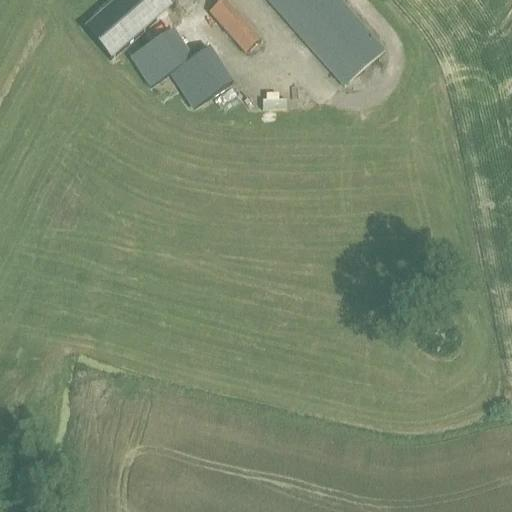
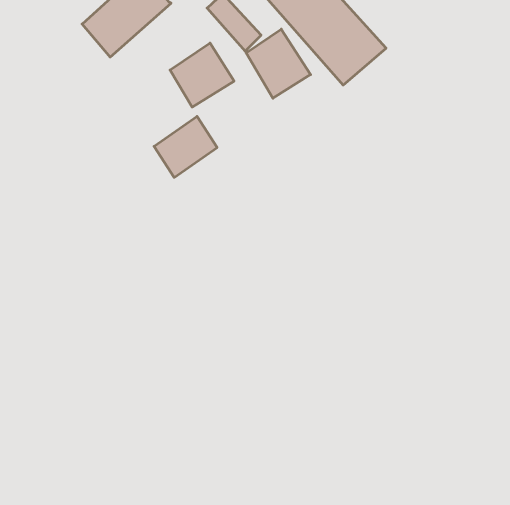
building: [128,24,191,85] -> [154,116,217,177]
building: none -> [246,29,311,98]

